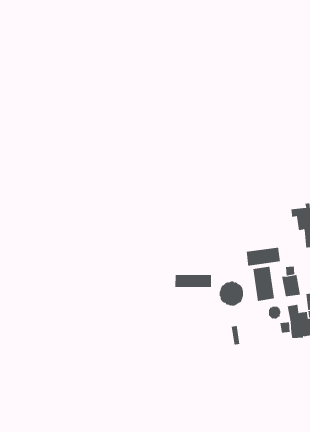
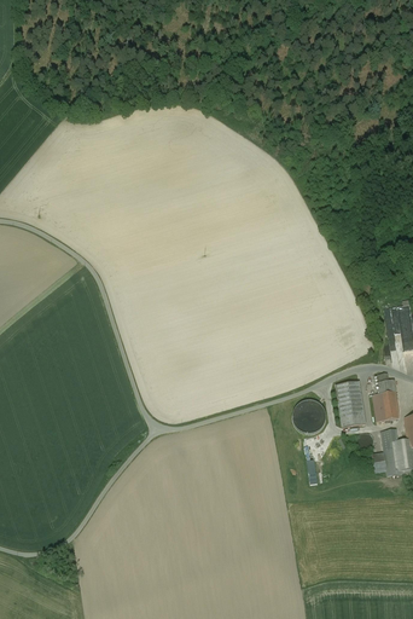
building: [246,247,280,267] -> none
building: [175,274,212,288] -> none

